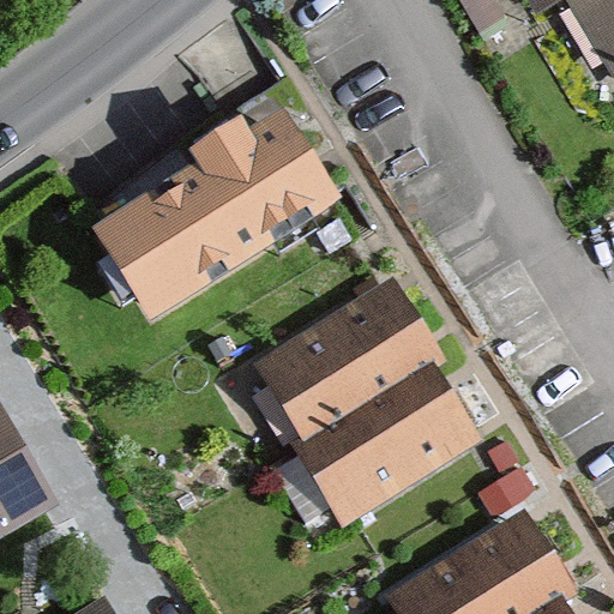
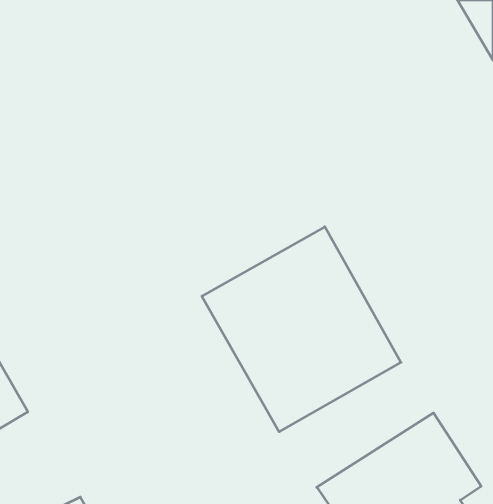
building: [94,116,325,314] -> none

